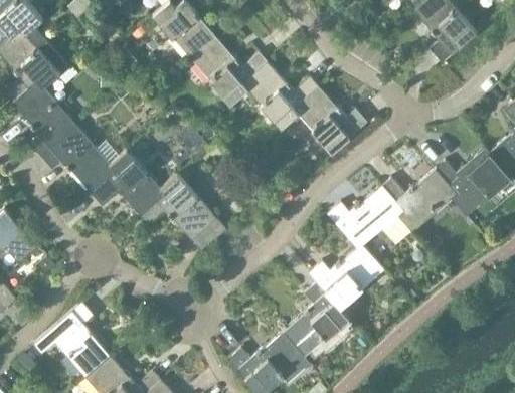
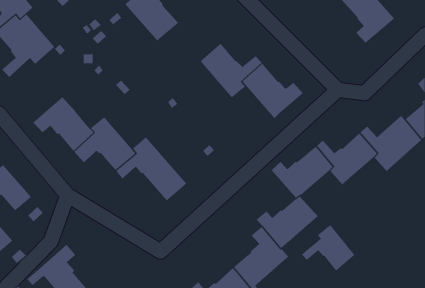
building: [191,38,268,106] -> none
building: [13,81,77,158] -> none
building: none -> [301,224,355,271]

